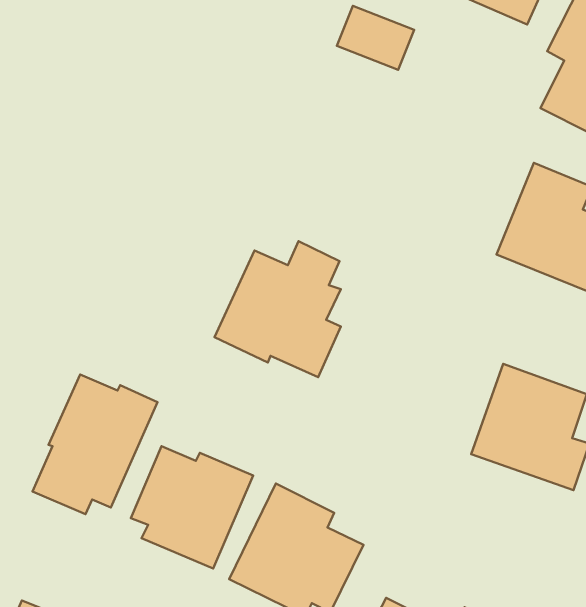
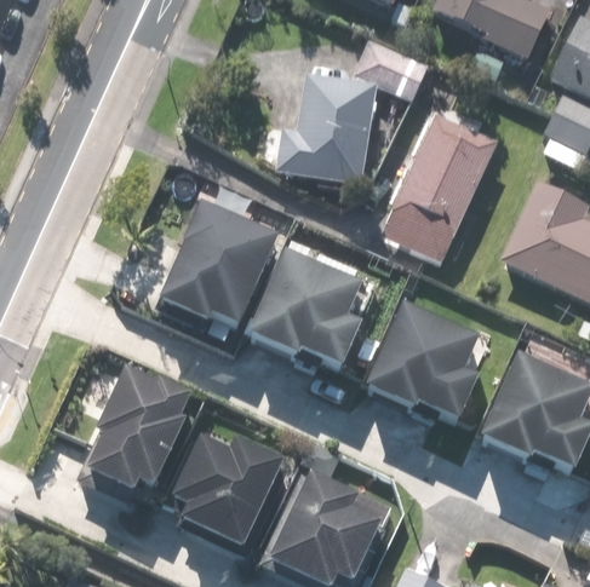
building: none -> [277,74,376,180]
building: none -> [383,110,498,258]
building: none -> [156,209,275,330]
building: none -> [363,307,476,422]

